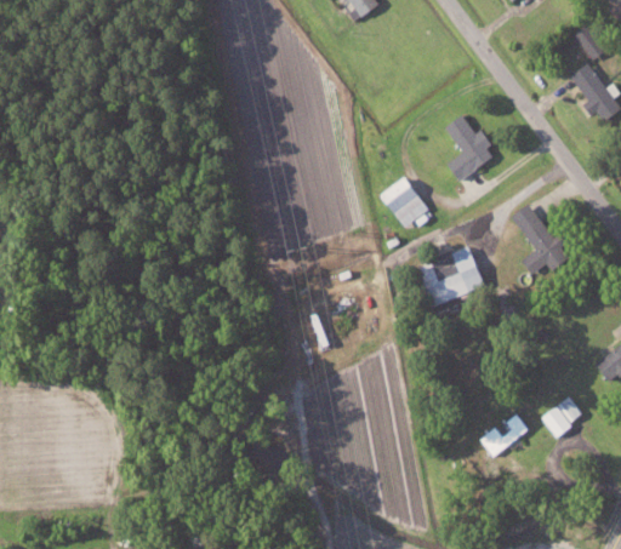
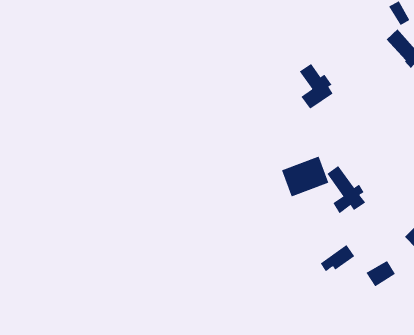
building: [380,176,429,228] -> none
building: [513,205,570,275] -> [327,165,366,214]
building: [477,412,528,452] -> [320,244,355,272]

